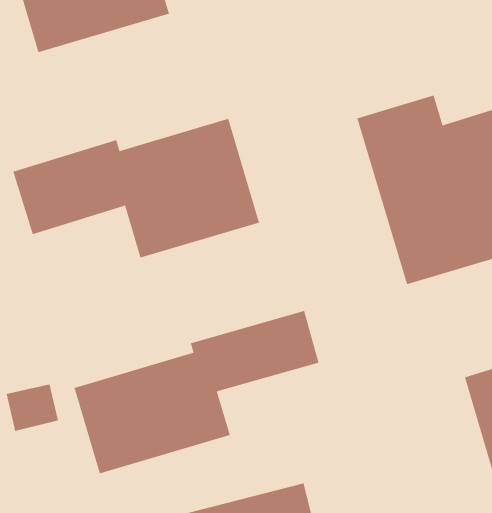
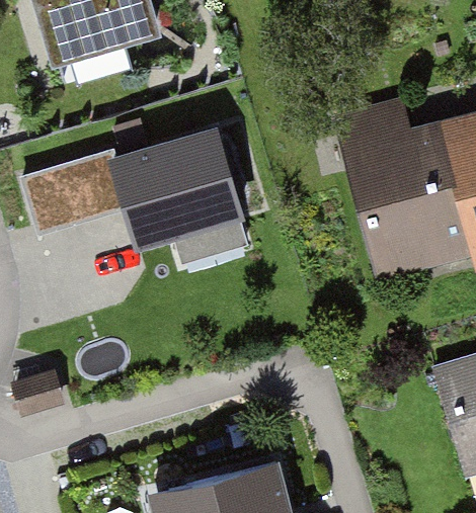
building: [74,310,319,474] -> none

